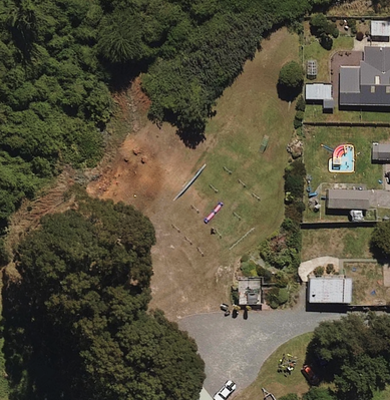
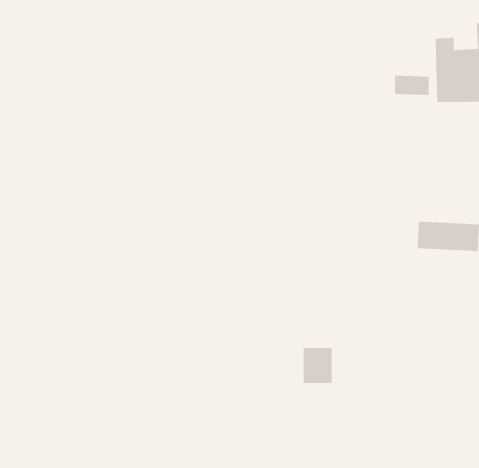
building: [309,280,349,303] -> none

